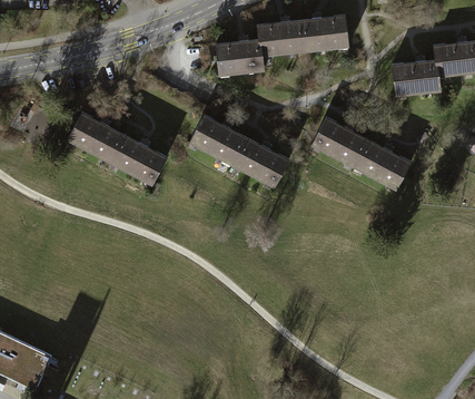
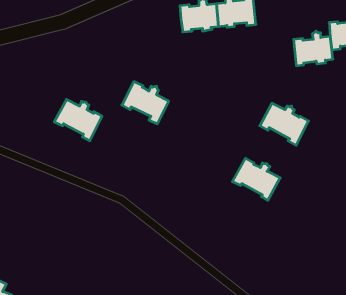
building: [216,36,263,77] -> none
building: [67,113,123,164] -> none
building: [310,118,367,168] -> [232,158,280,200]
building: [231,139,289,189] -> none

